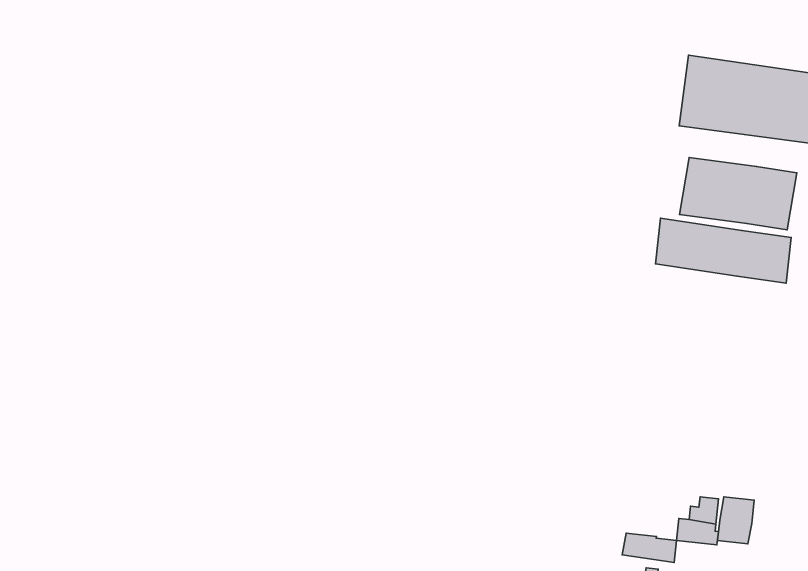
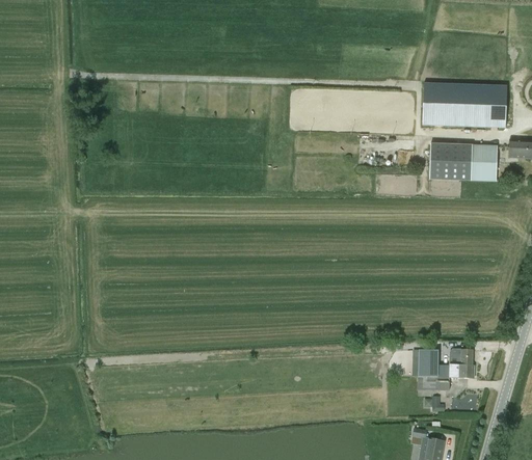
building: [656,218,791,283] -> none
building: [717,497,754,544] -> [417,349,436,376]

